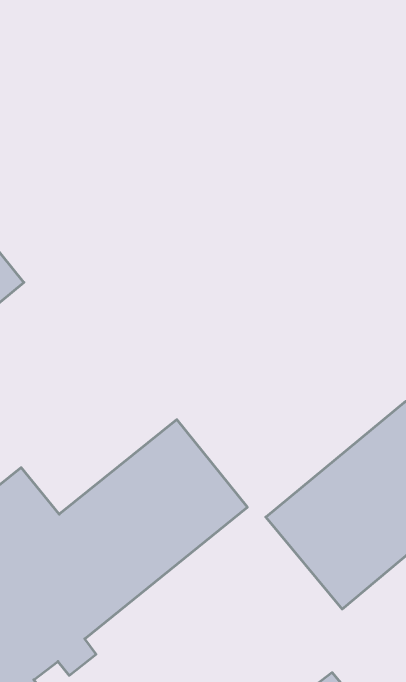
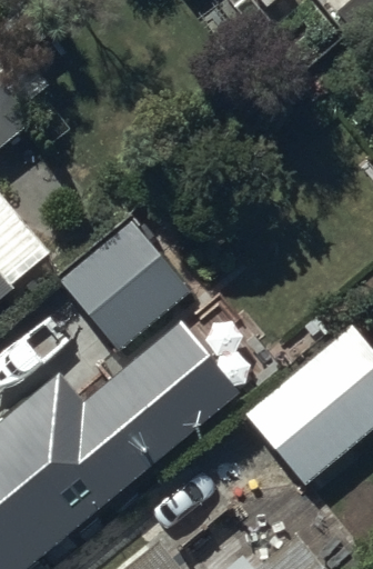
building: none -> [59,220,190,352]

